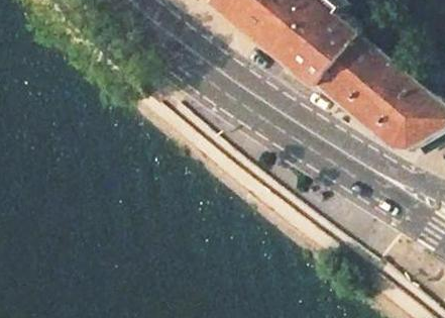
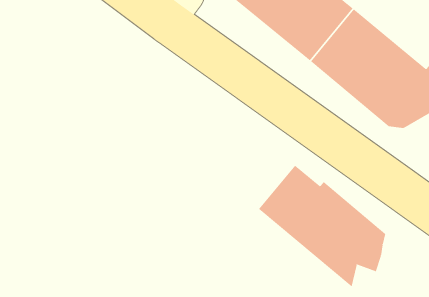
building: none -> [258,165,386,288]

